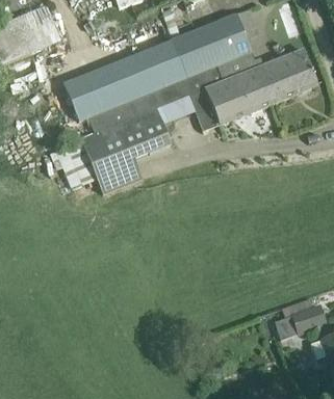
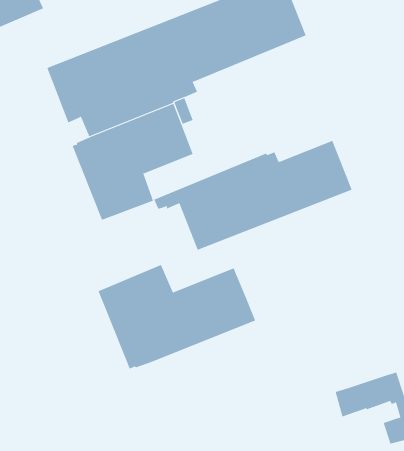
building: [172,48,318,129] -> [153,140,353,251]
building: none -> [98,264,256,369]

